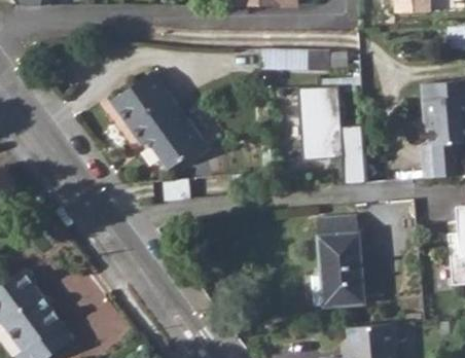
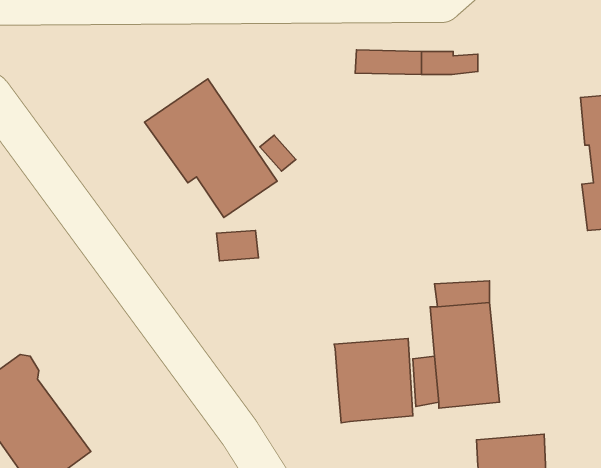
building: [298,86,363,186] -> none
building: none -> [334,338,413,423]

